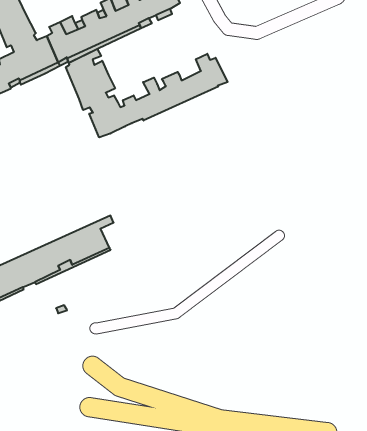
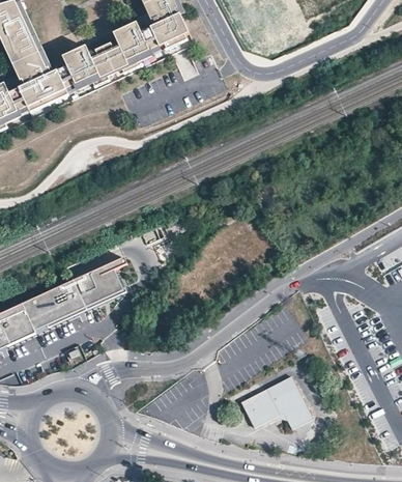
building: [66,49,228,137] -> none
building: none -> [240,373,313,426]

